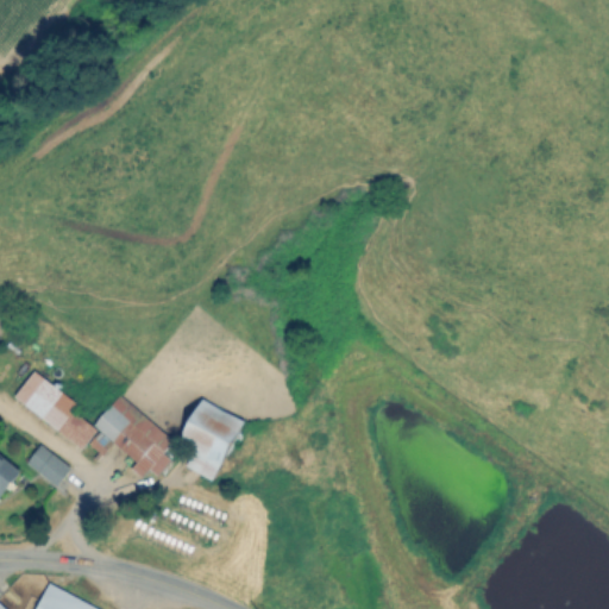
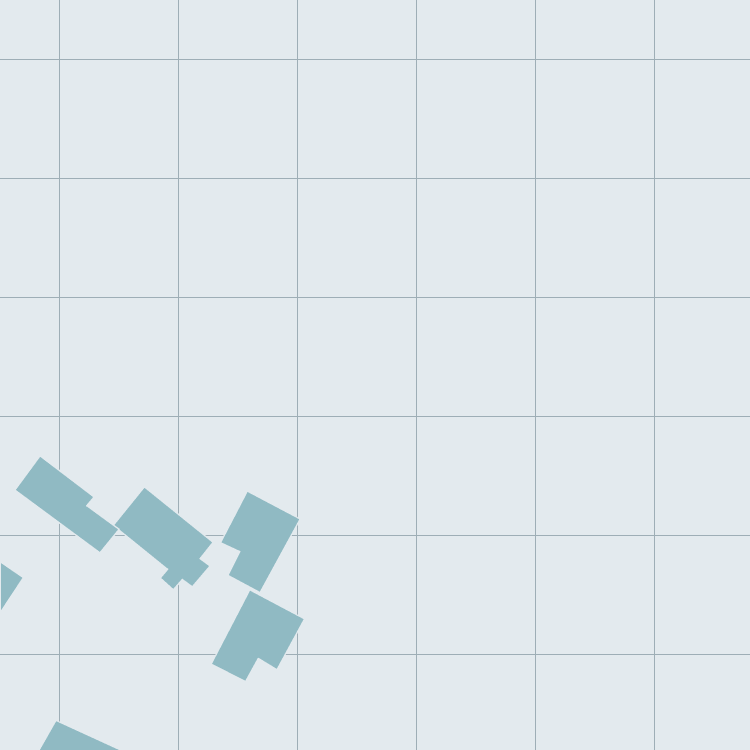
building: [25,445,70,486] -> none
building: none -> [211,590,305,682]

